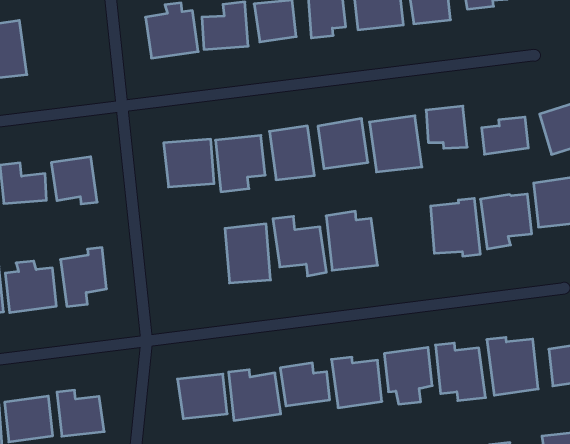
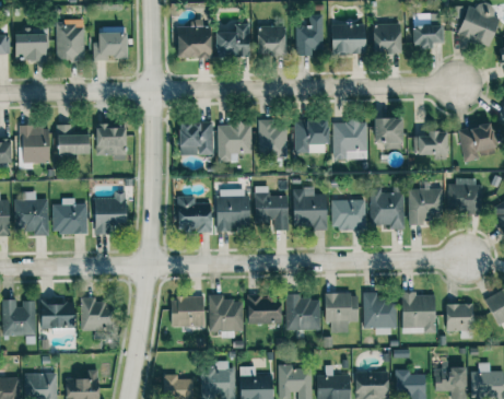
building: none -> [93,33,127,59]
building: none -> [331,199,365,230]
building: none -> [177,196,211,232]

